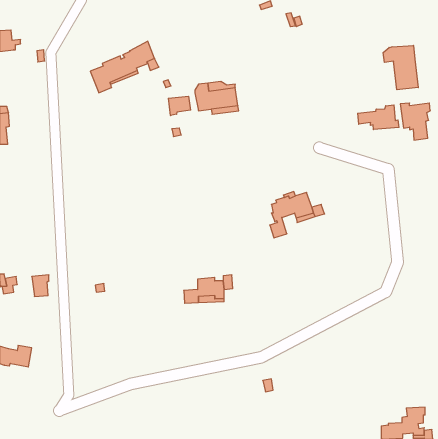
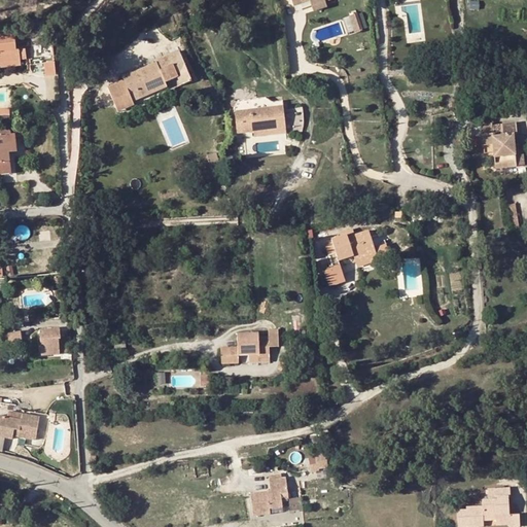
building: [383,45,418,90] -> none
building: [168,96,191,116] -> none
building: [358,105,399,130] -> none
building: none -> [251,478,289,516]

